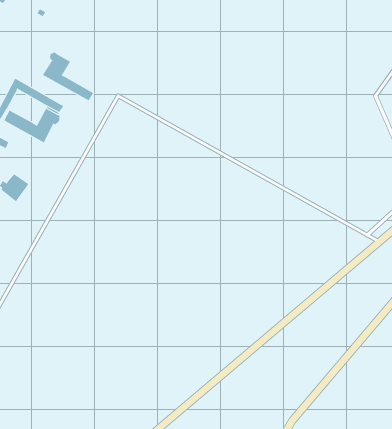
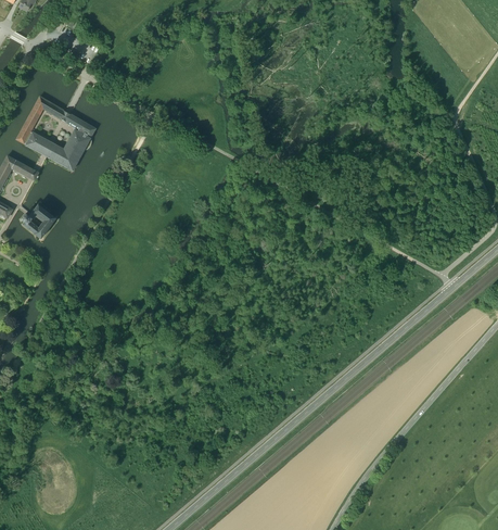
building: [42,52,94,101] -> none

